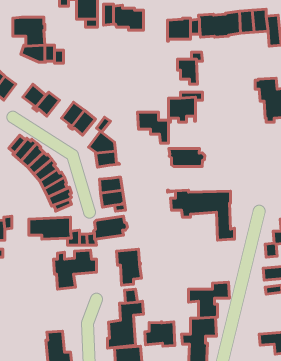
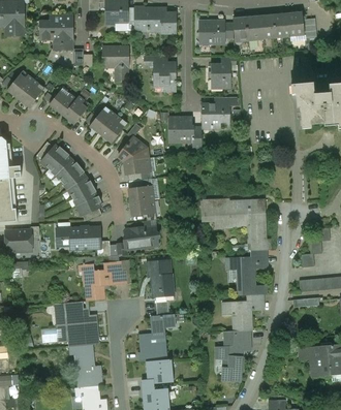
building: none -> [101,46,128,82]
building: none -> [143,55,176,91]
building: [169,148,205,166] -> none
building: none -> [224,249,267,288]
building: none -> [54,301,97,345]
building: [145,322,175,346] -> none

